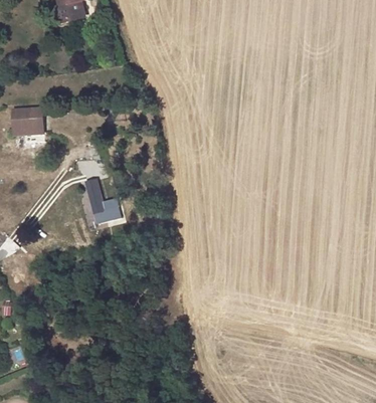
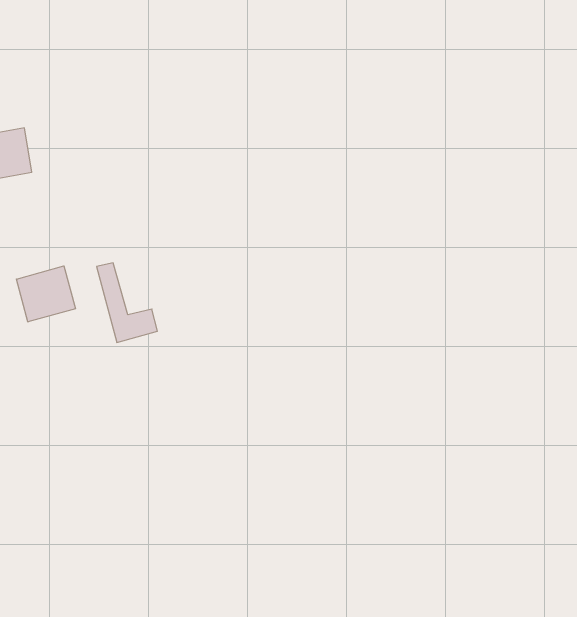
building: none -> [16,266,75,322]

